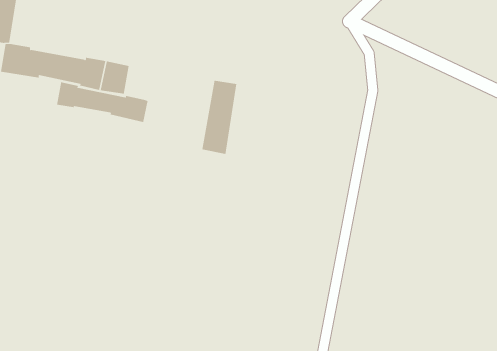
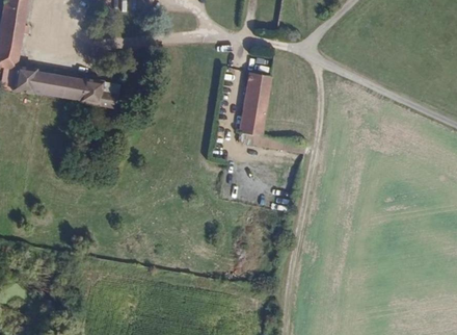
building: [201,80,237,154] -> [240,72,270,134]
building: [57,82,148,123] -> none

